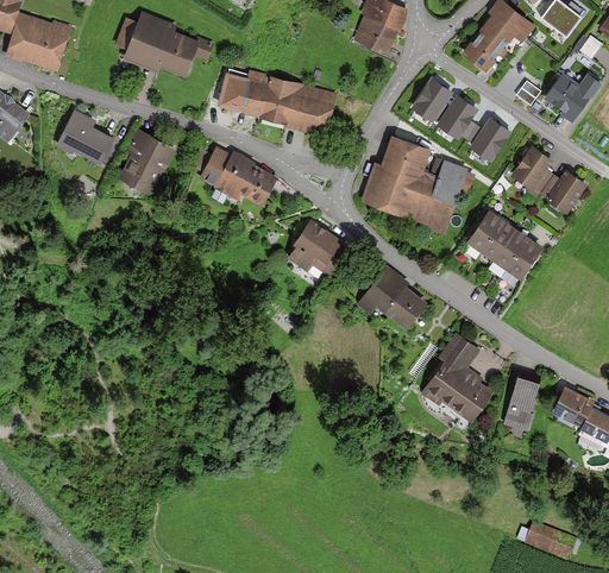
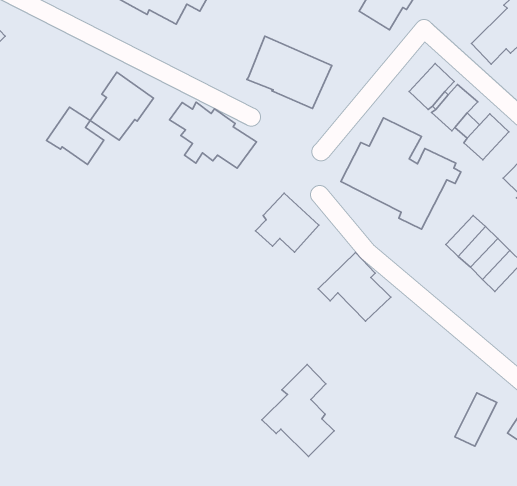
building: [218,70,271,117] -> none
building: [57,112,111,163] -> [46,107,104,165]
building: [422,334,491,420] -> [262,365,334,456]

